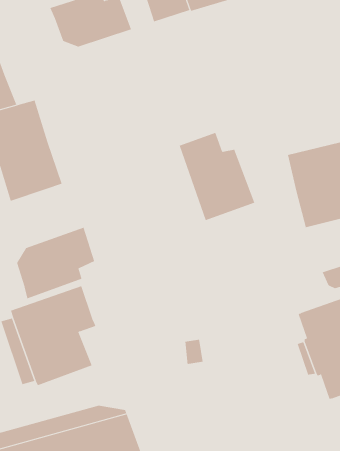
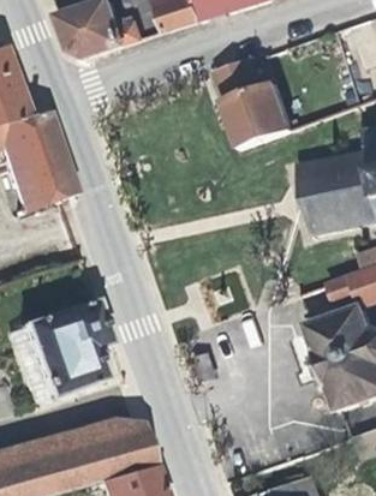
building: [179,132,255,221] -> [215,61,292,150]
building: [16,227,95,299] -> none

